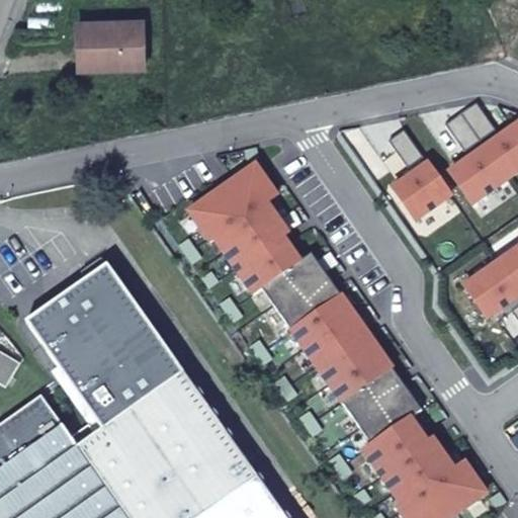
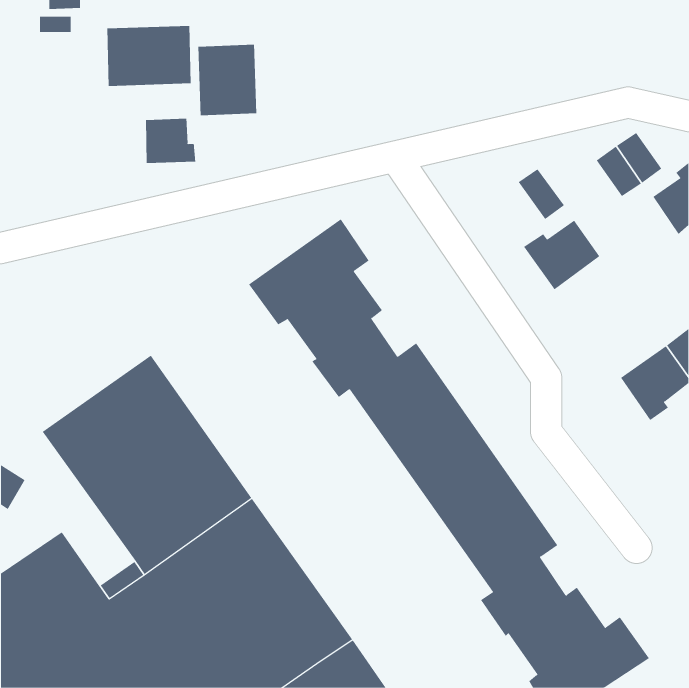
building: none -> [198,44,257,116]
building: none -> [145,118,196,164]
building: [451,148,509,200] -> none

